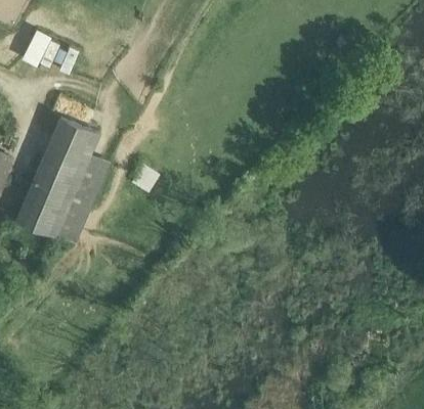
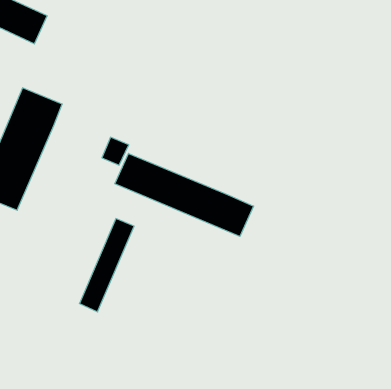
building: [55,154,108,243] -> [79,219,134,312]
building: none -> [115,153,254,236]

